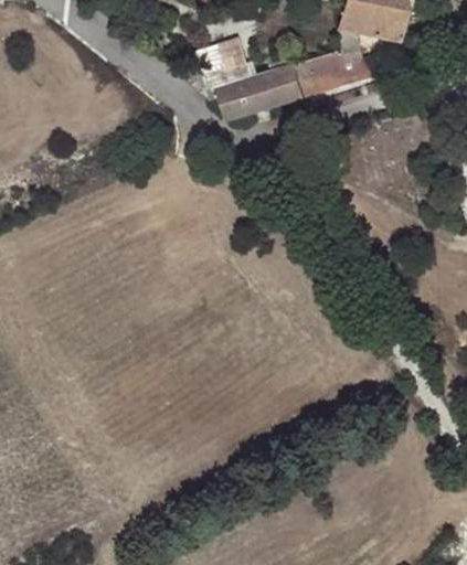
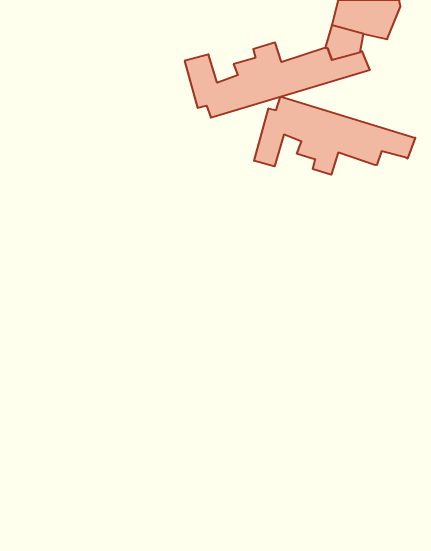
building: none -> [254,97,415,175]

